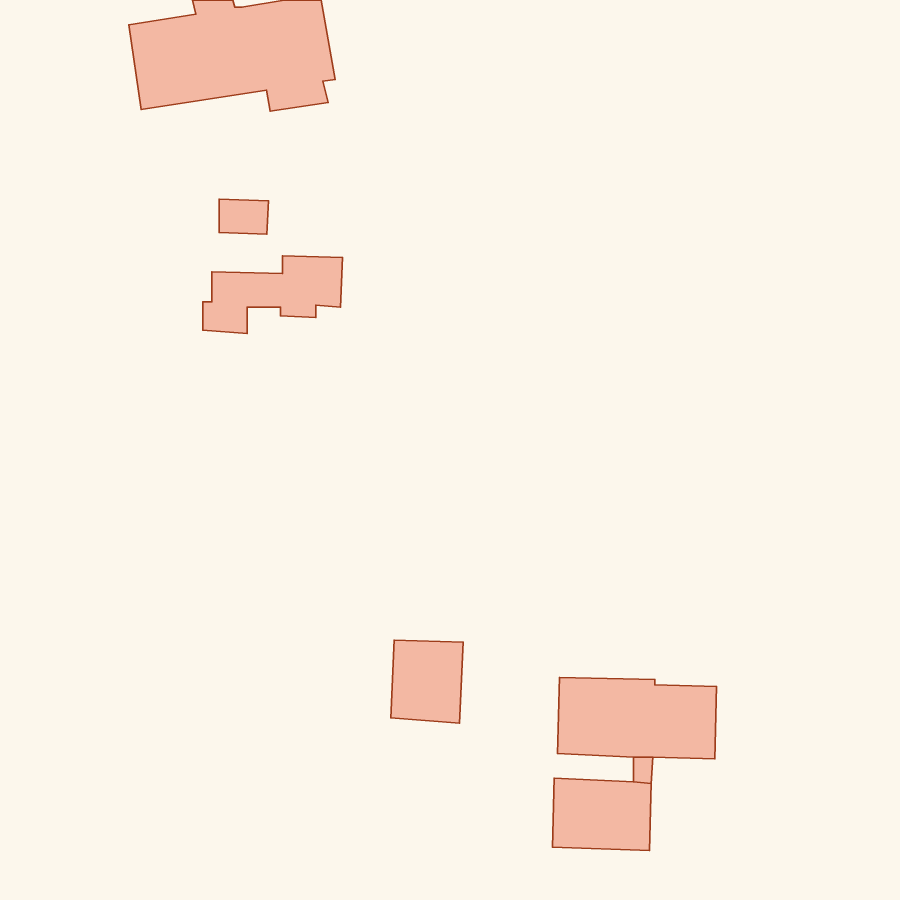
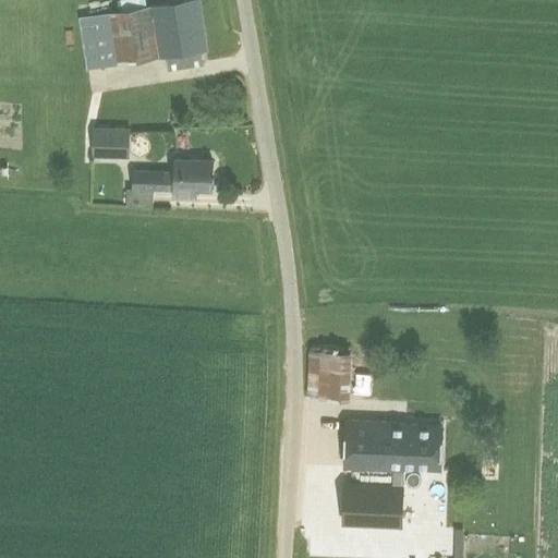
building: [219,199,269,234] -> [93,128,123,149]
building: [391,640,463,723] -> [305,350,350,401]

